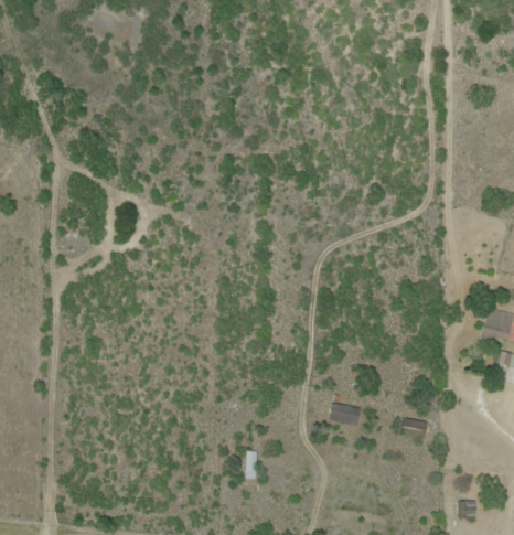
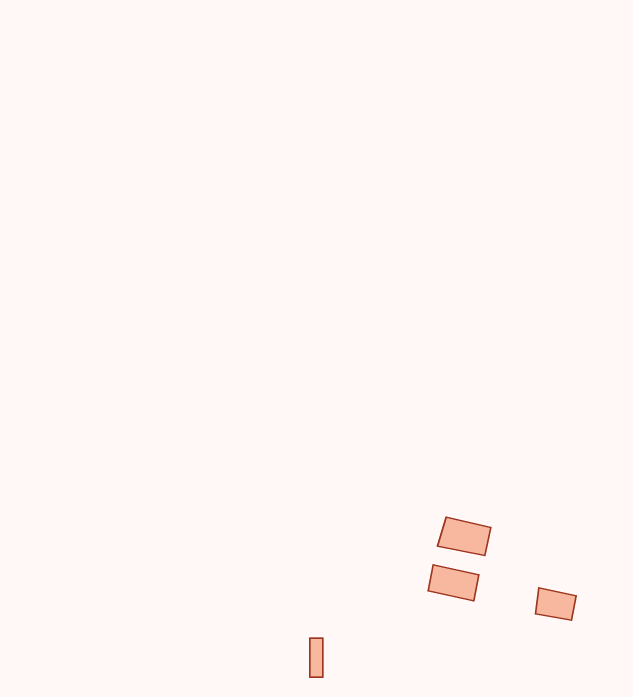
building: none -> [437,517,491,555]

